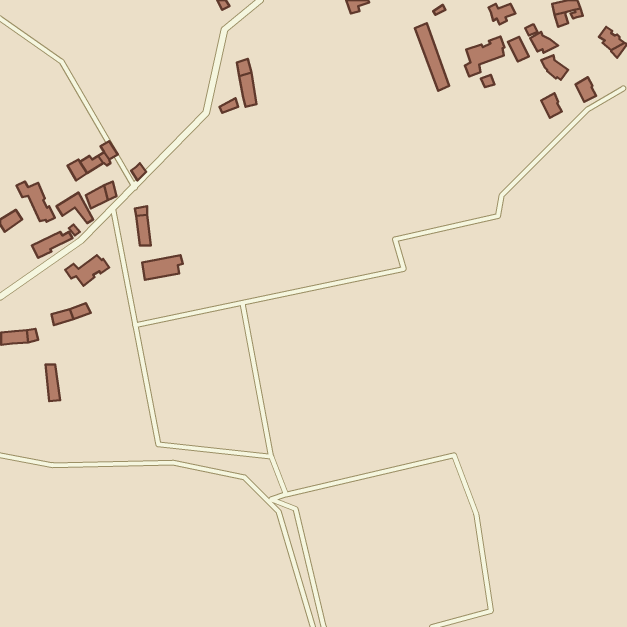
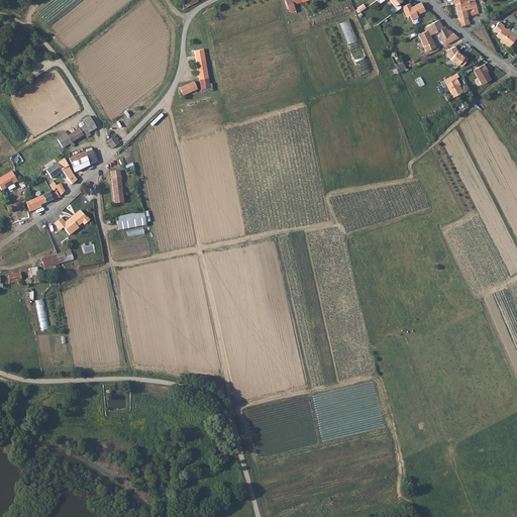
building: [465,37,504,76] -> none
building: [16,181,55,222] -> none

